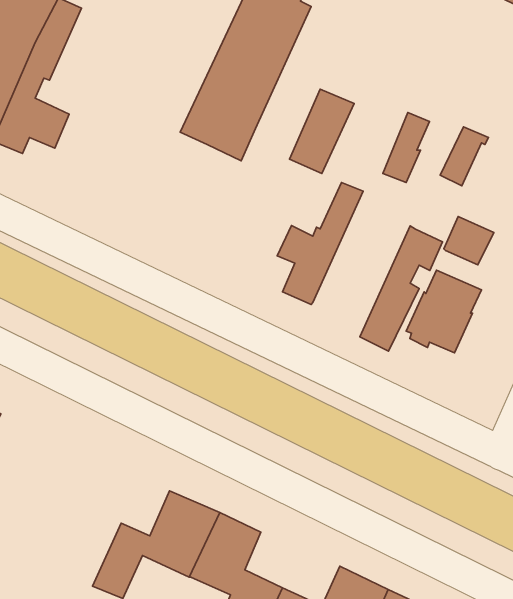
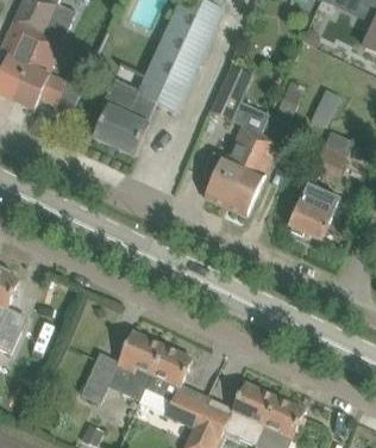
building: none -> [94,80,156,153]
building: [360,226,442,351] -> [226,131,281,214]

